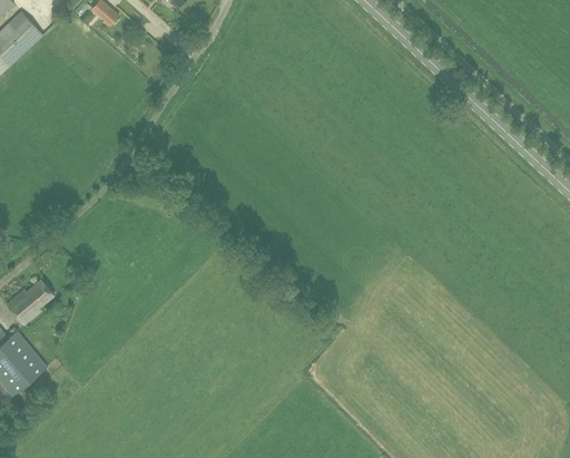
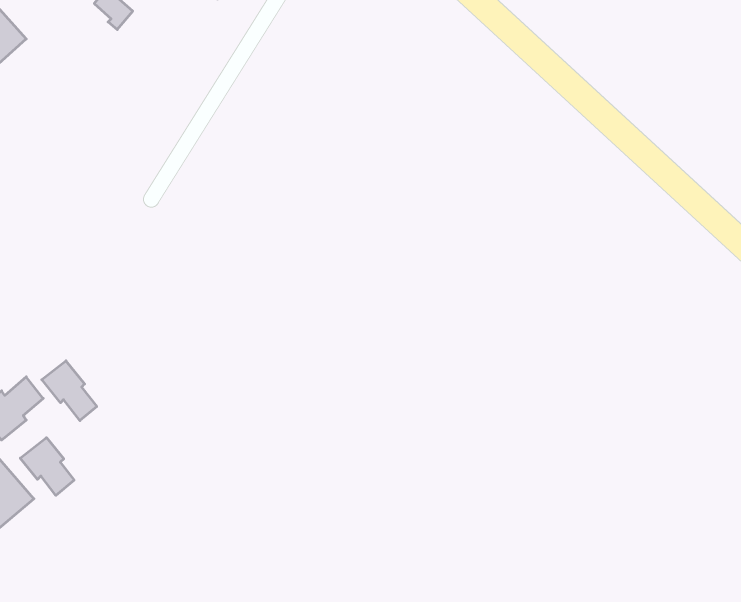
building: none -> [42,361,97,421]
building: none -> [20,438,74,495]

